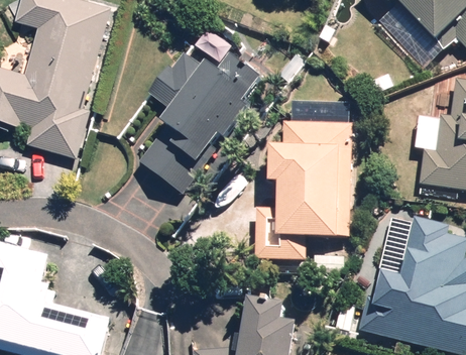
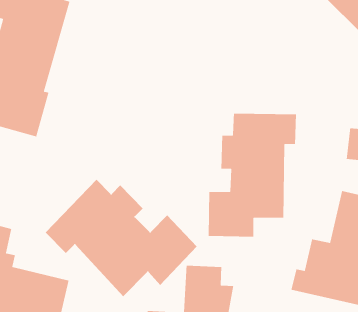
building: [131,49,267,196] -> none
building: none -> [45,179,197,297]

